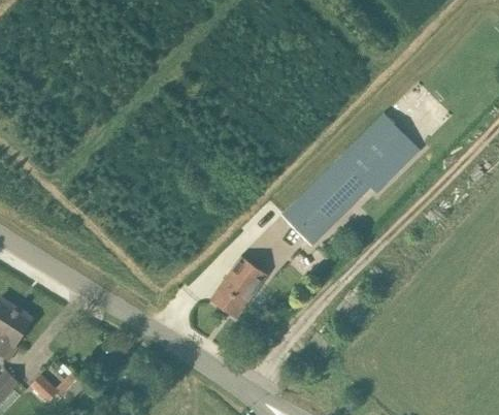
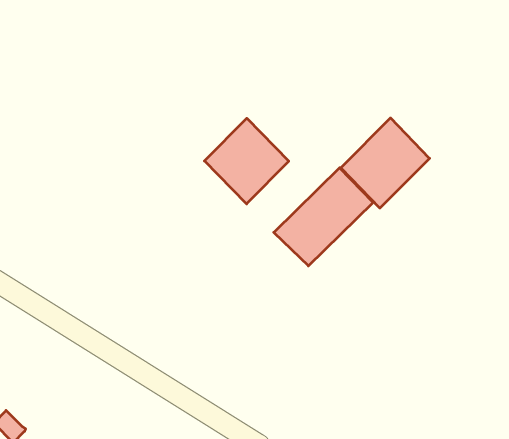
building: none -> [204,118,289,204]
building: [211,258,266,316] -> none

